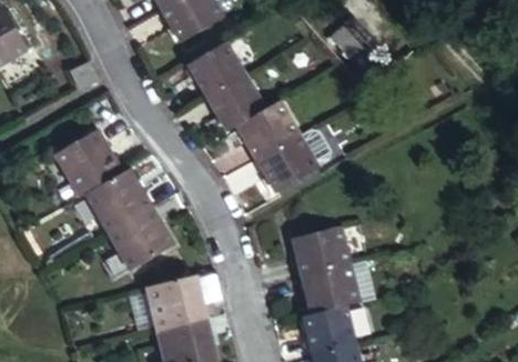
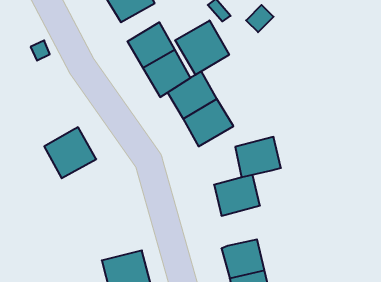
building: none -> [175,20,229,75]
building: [53,130,120,197] -> none
building: [108,208,171,269] -> none
building: [302,264,357,313] -> [235,137,281,177]
building: [146,275,205,331] -> none

